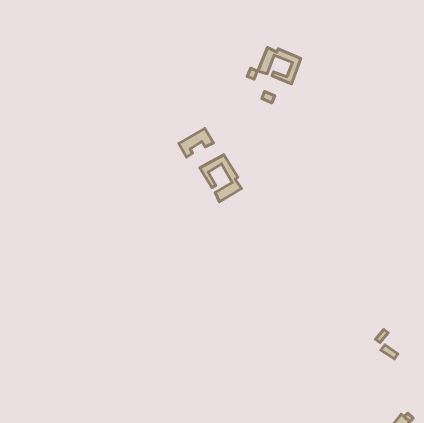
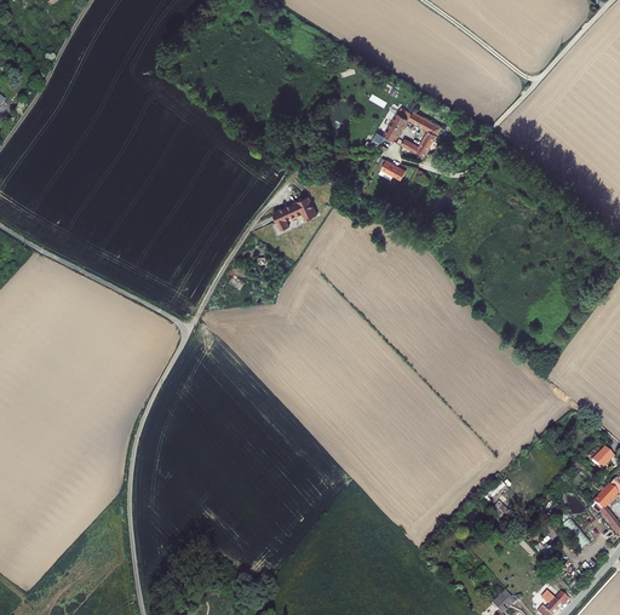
building: [200,155,242,202] -> none

